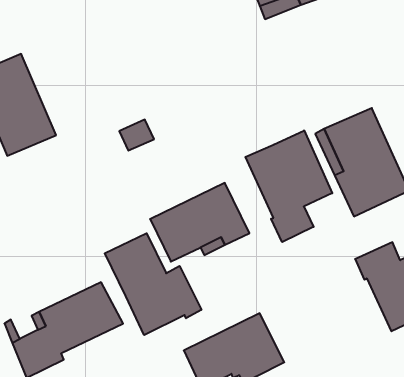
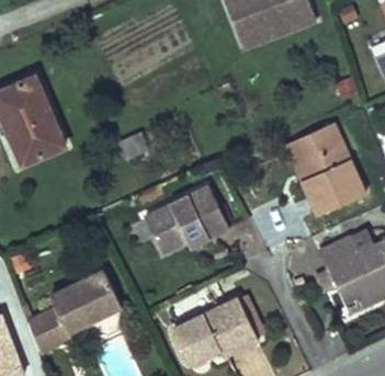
building: [245,130,332,242] -> none
building: [105,233,201,335] -> none

